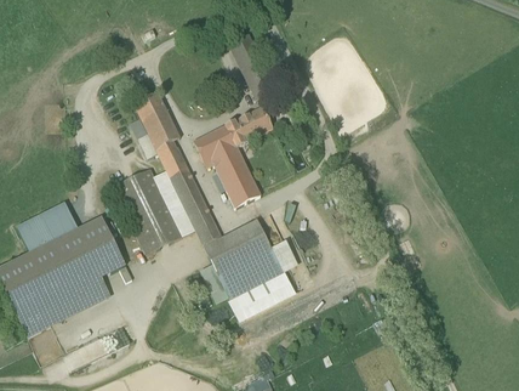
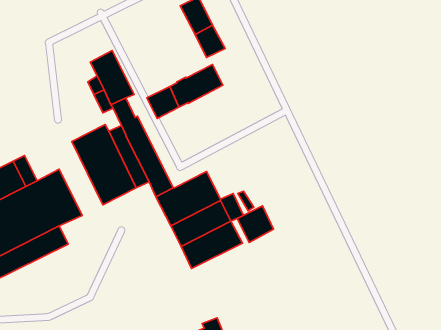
building: [205,146,261,208] -> none
building: none -> [237,206,273,242]

